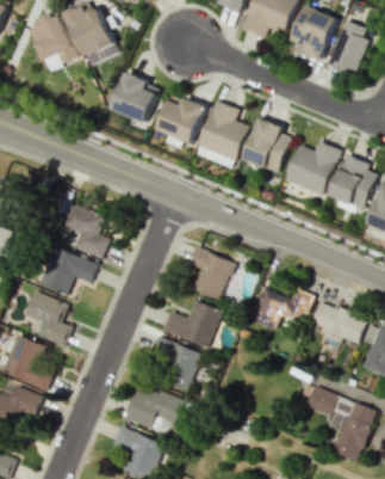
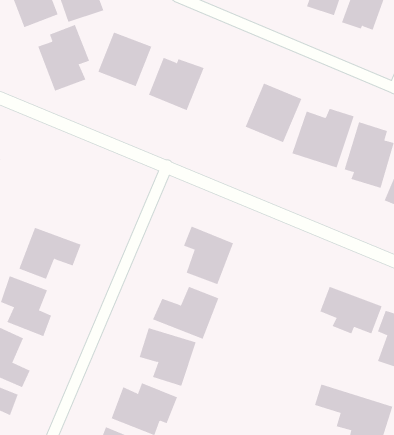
building: none -> [37,24,90,91]
building: [195,99,247,167] -> none
building: [61,203,107,257] -> none
building: [249,288,311,330] -> none

